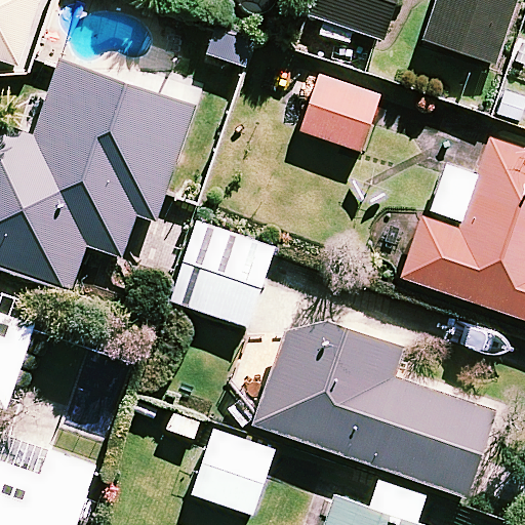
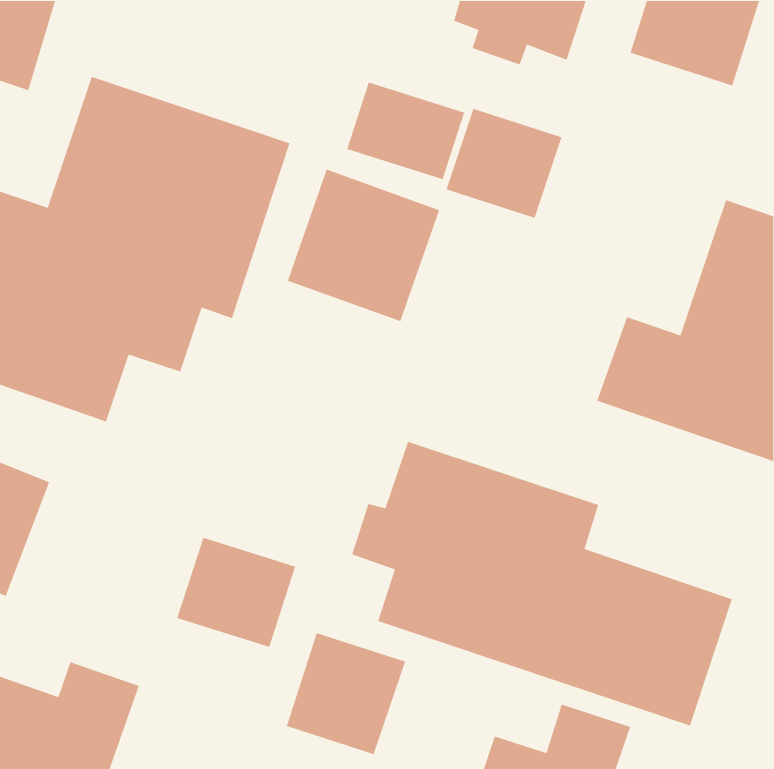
building: none -> [346,82,465,180]
building: [170,225,274,328] -> [287,169,440,322]
building: none -> [176,537,296,648]

